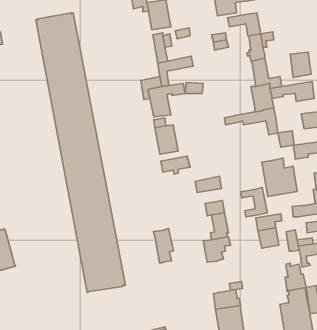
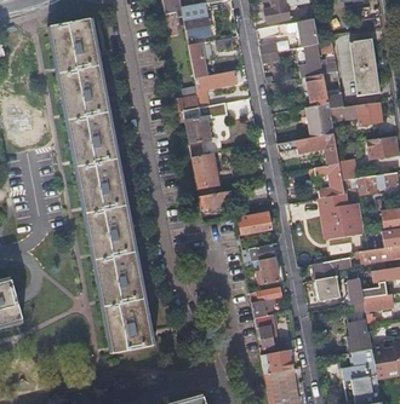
building: none -> [349,39,375,68]
building: [241,188,267,217] -> [313,162,344,197]
building: [153,229,174,263] -> [253,313,278,354]

